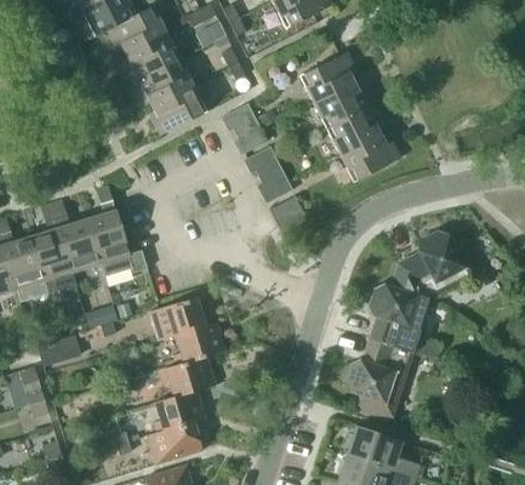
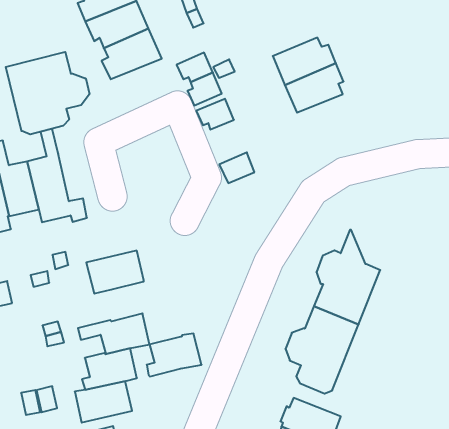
building: [299,51,355,102] -> none
building: none -> [6,52,89,134]
building: [339,133,400,181] -> none
building: [257,165,292,202] -> none
building: [399,230,481,298] -> none
building: [173,321,226,365] -> [147,334,202,376]

